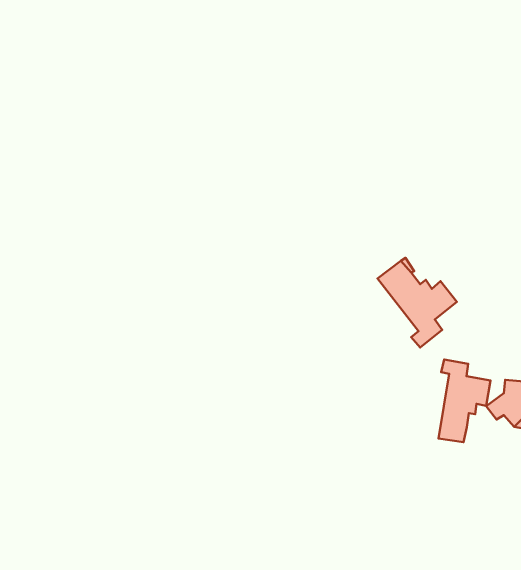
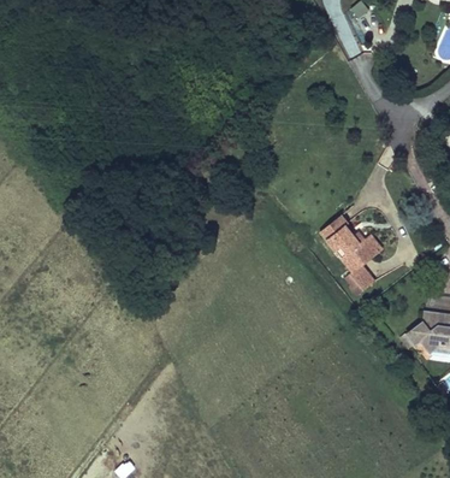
building: [438,359,490,442] -> none

